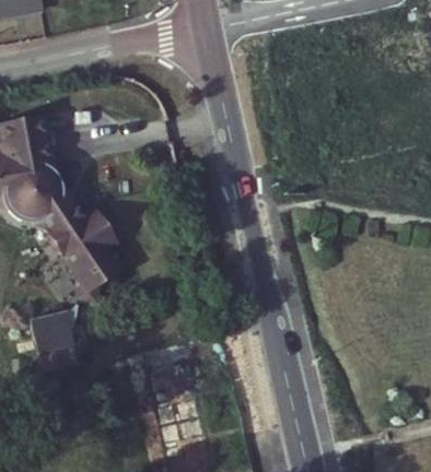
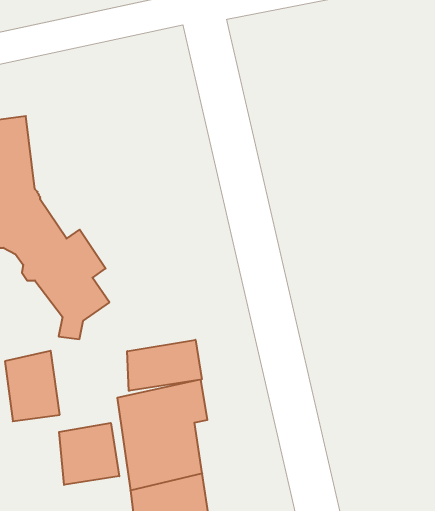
building: none -> [127,340,202,391]
building: none -> [59,423,119,485]

